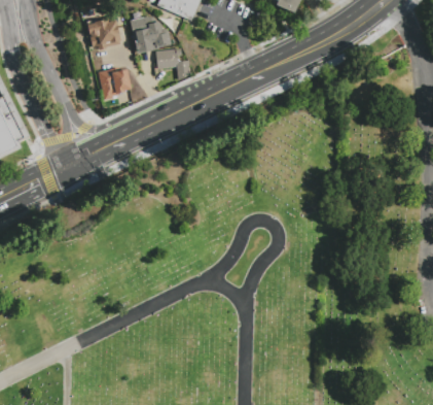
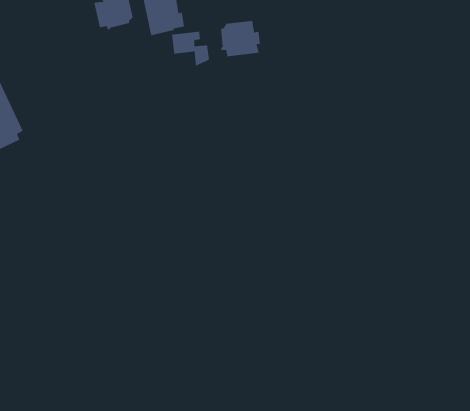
building: none -> [220,20,260,57]
building: [98,66,129,94] -> none

